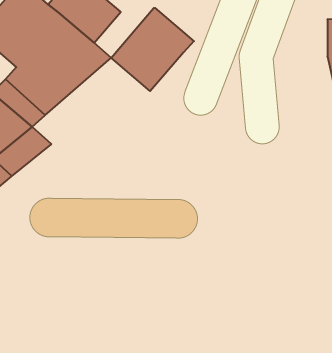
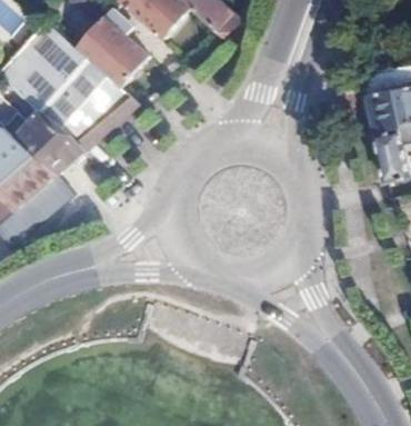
building: [111,8,194,91] -> none

